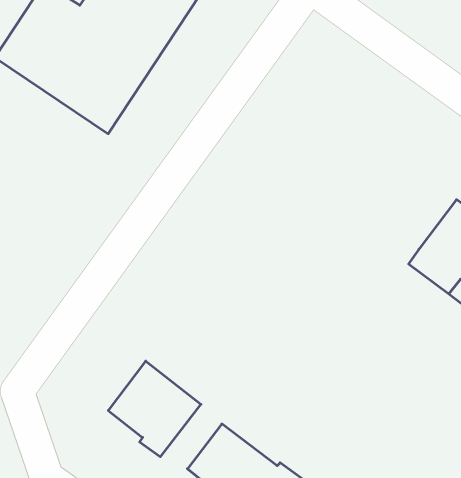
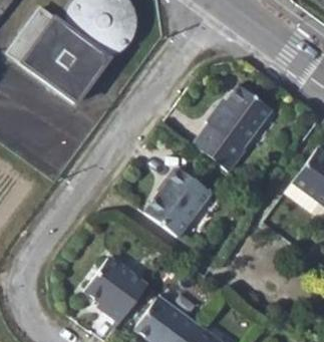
building: none -> [193,84,271,173]
building: none -> [143,166,210,236]

